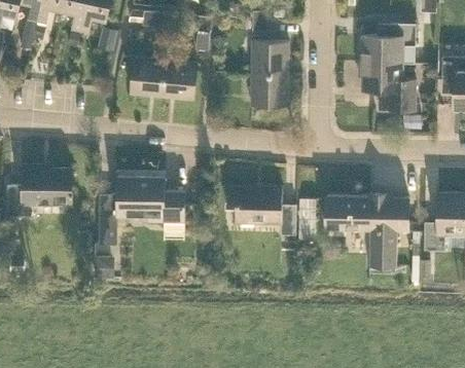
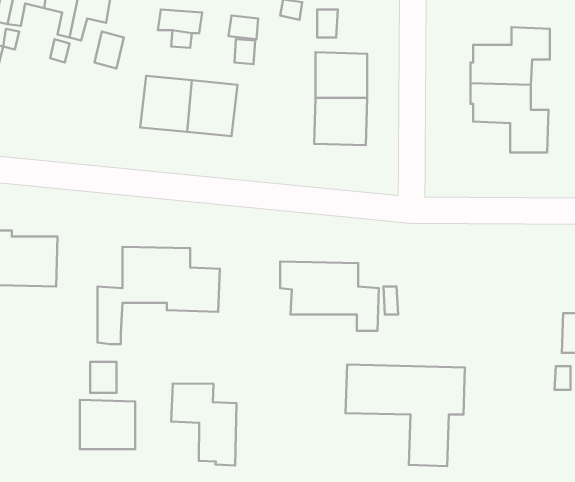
building: [325,195,408,266] -> [346,365,465,466]
building: none -> [171,383,237,466]
building: none -> [80,400,135,449]

